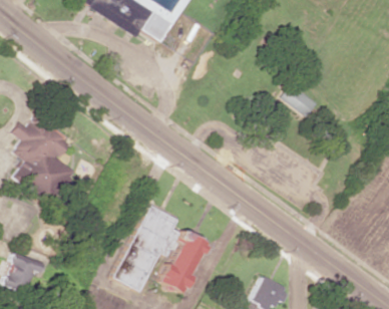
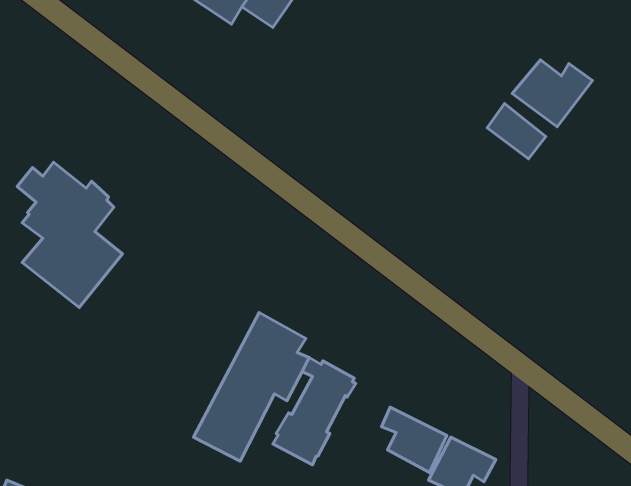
building: none -> [512,60,593,127]
building: [6,254,43,285] -> none
building: none -> [382,407,447,472]

